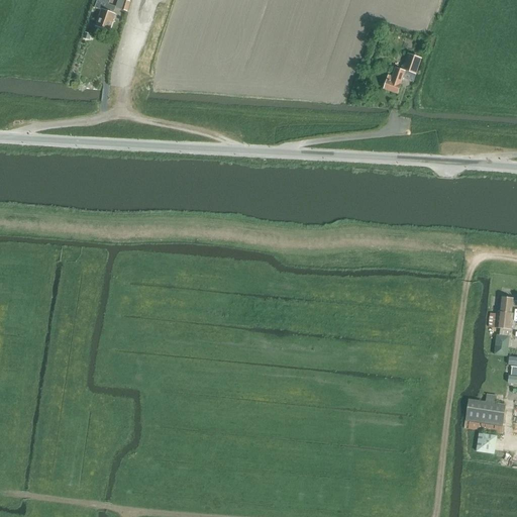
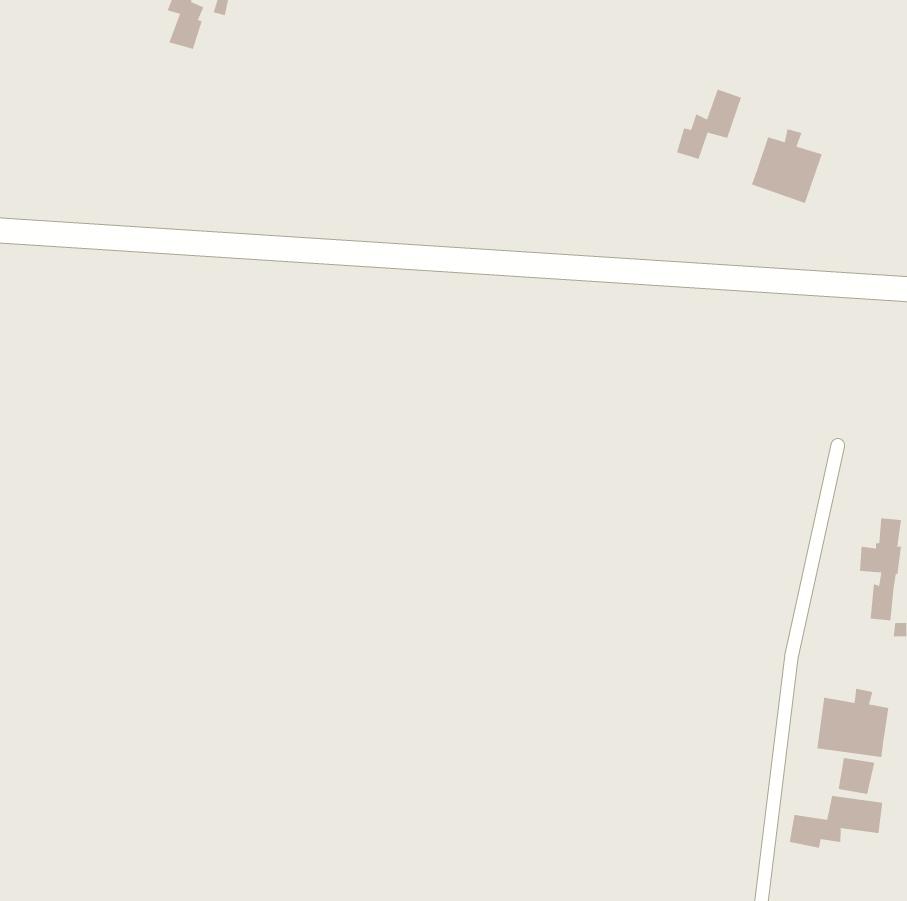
building: none -> [751,129,823,204]
building: none -> [789,795,883,849]

